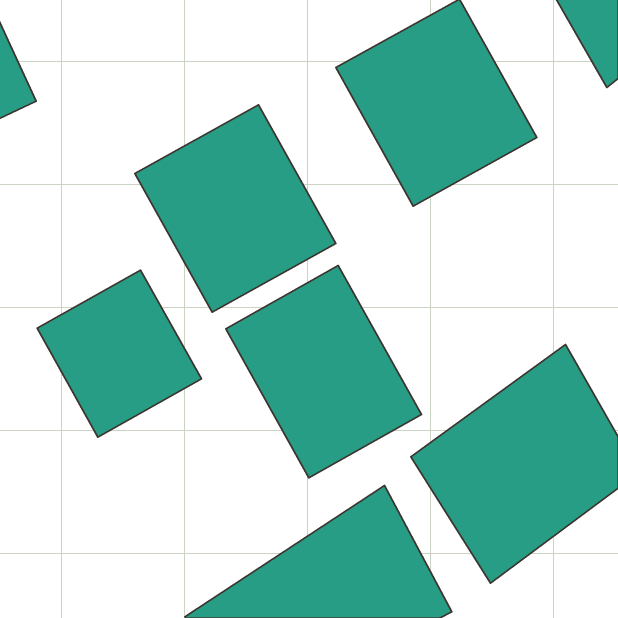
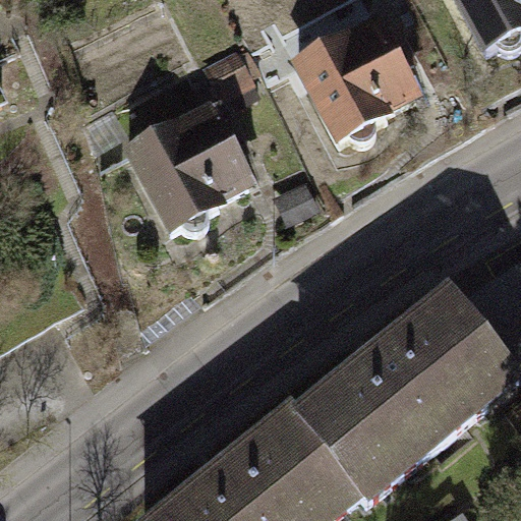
building: [226,266,421,478] -> none
building: [37,270,201,437] -> none

